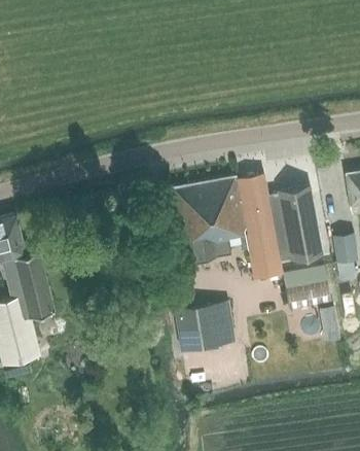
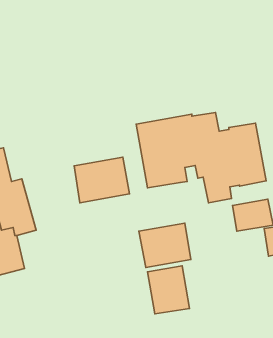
building: none -> [74,157,130,203]
building: none -> [148,266,189,314]

